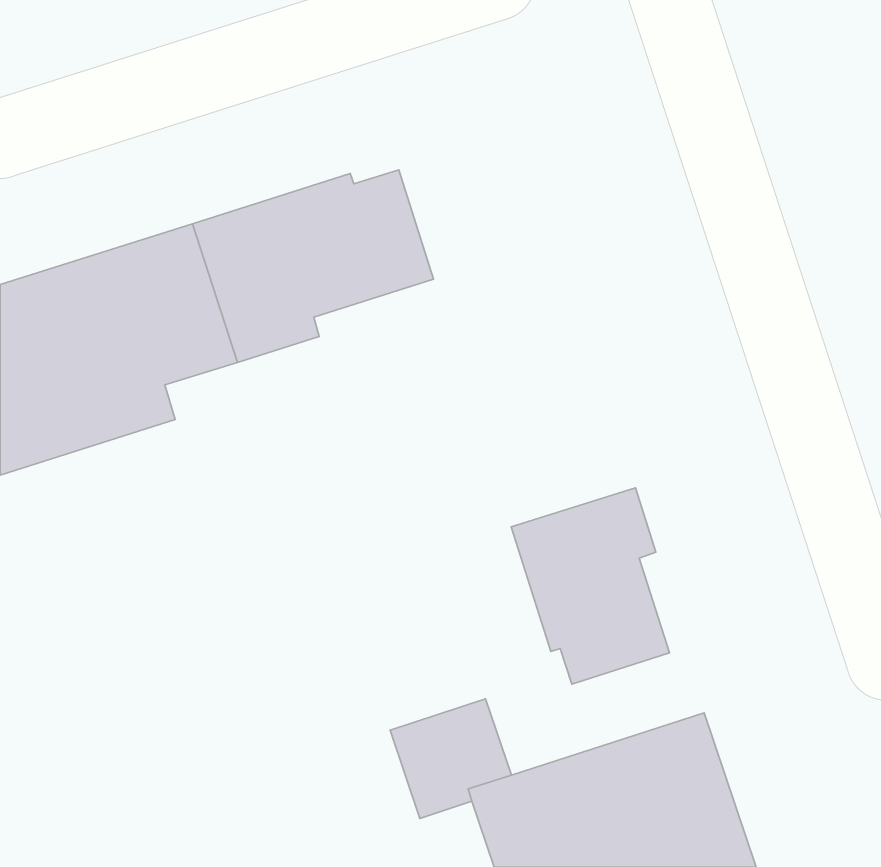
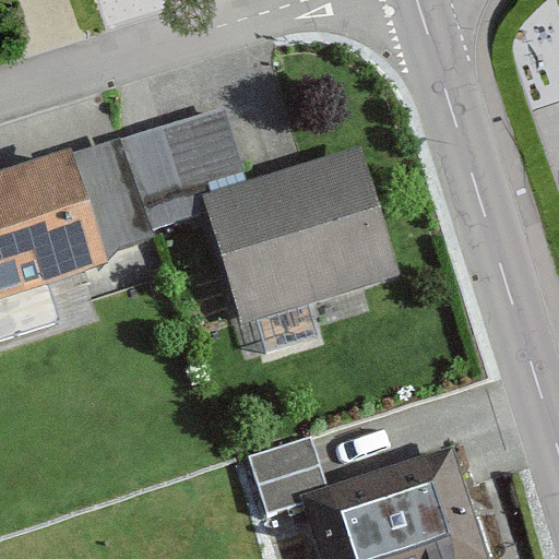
building: none -> [201,148,397,319]
building: [511,488,669,684] -> none

